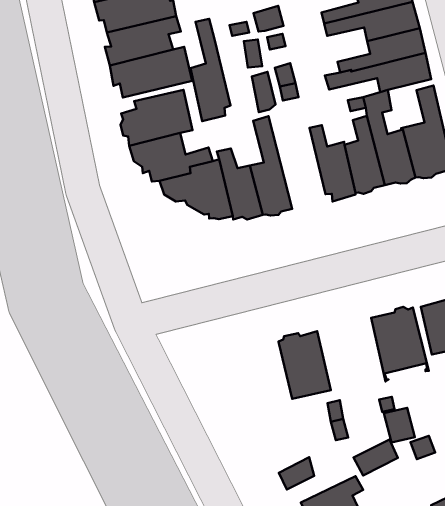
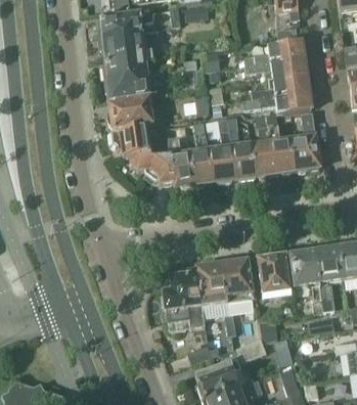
building: [191,19,231,121] -> [213,117,236,182]
building: none -> [222,257,253,301]
building: none -> [162,267,205,325]

